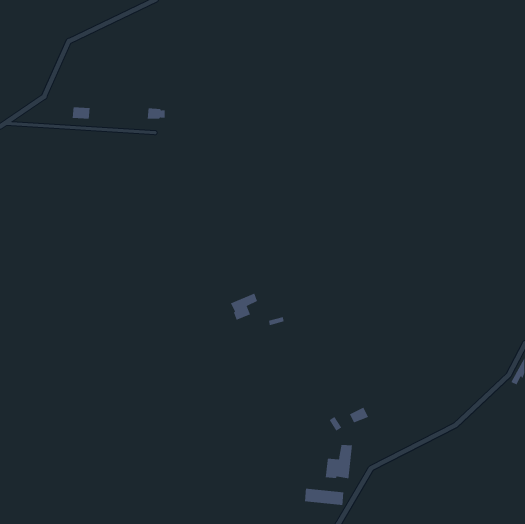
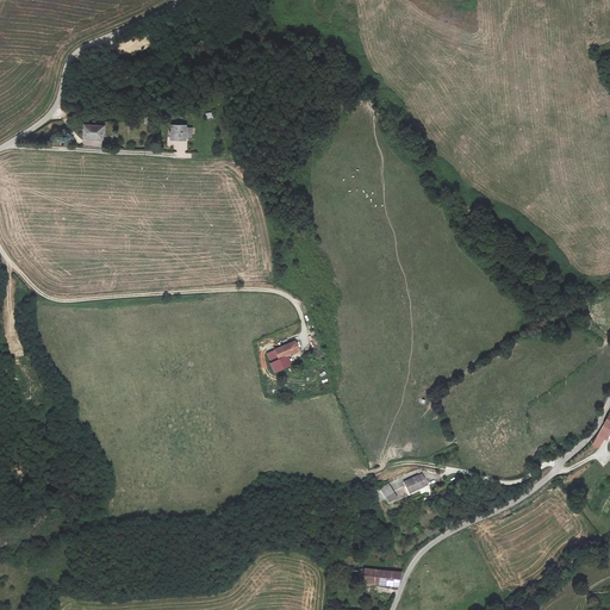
building: [325,444,352,479] -> none

